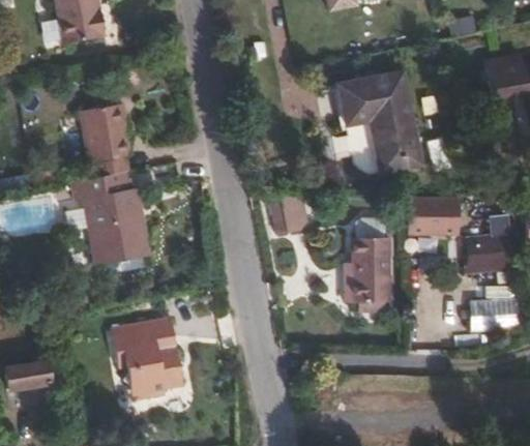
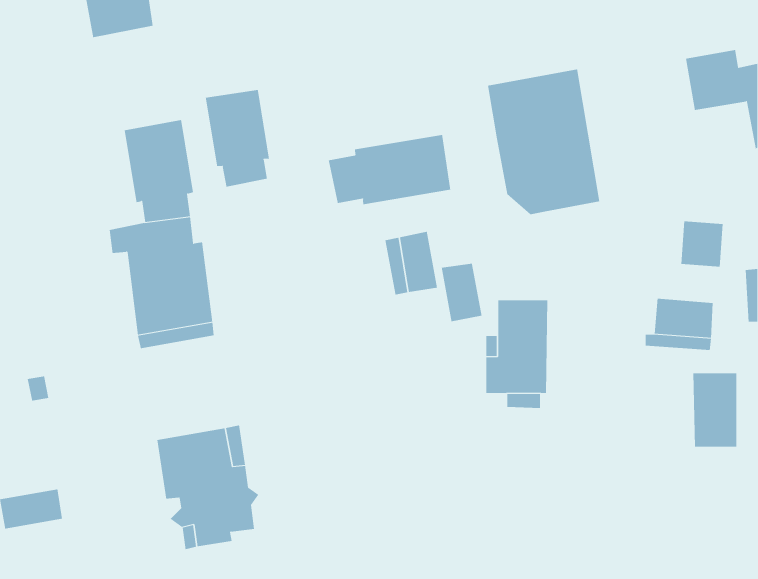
building: none -> [205,89,270,188]
building: none -> [328,134,451,205]
building: [425,192,455,225] -> [680,221,724,267]
building: none -> [441,263,482,322]

